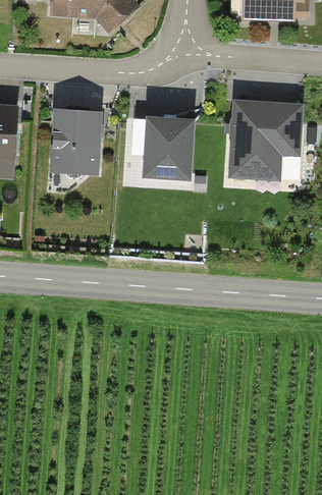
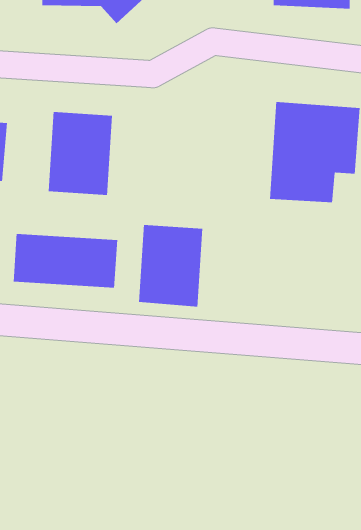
building: [143,111,196,178] -> [138,225,203,307]
building: none -> [13,233,118,288]

